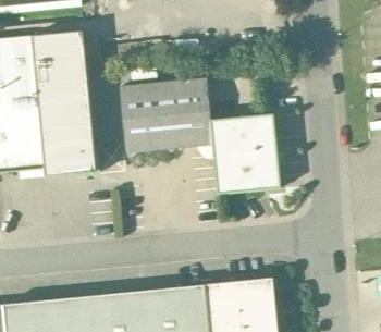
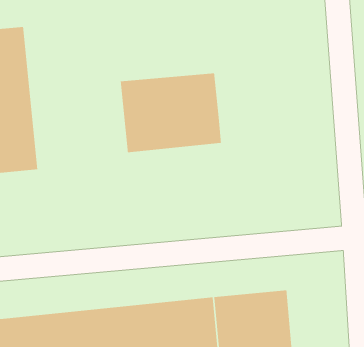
building: [32,30,99,176] -> none
building: [211,114,281,194] -> none

